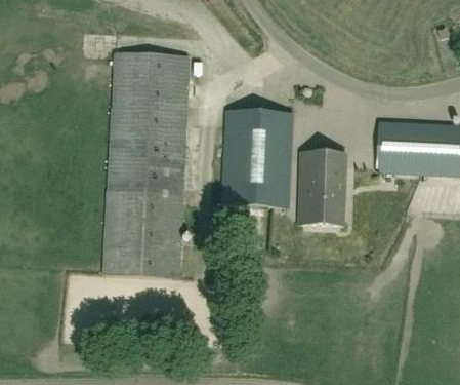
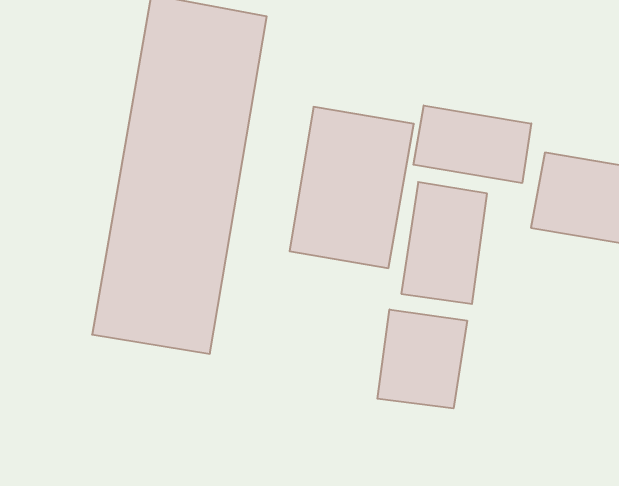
building: none -> [413,105,531,183]
building: none -> [377,309,467,408]

